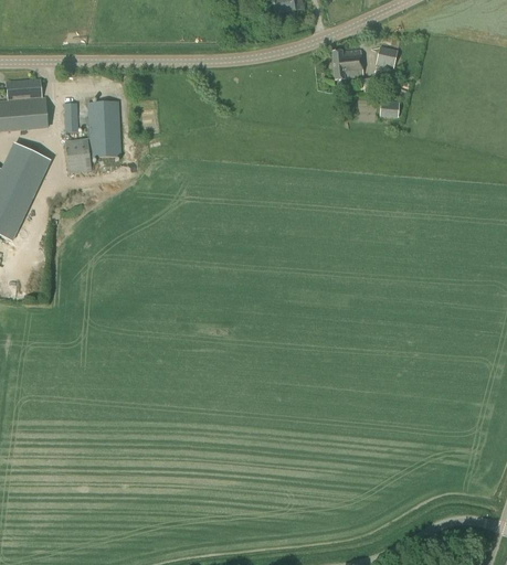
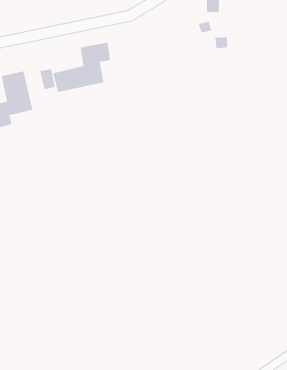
building: [334,50,363,78] -> none
building: none -> [53,42,111,93]

